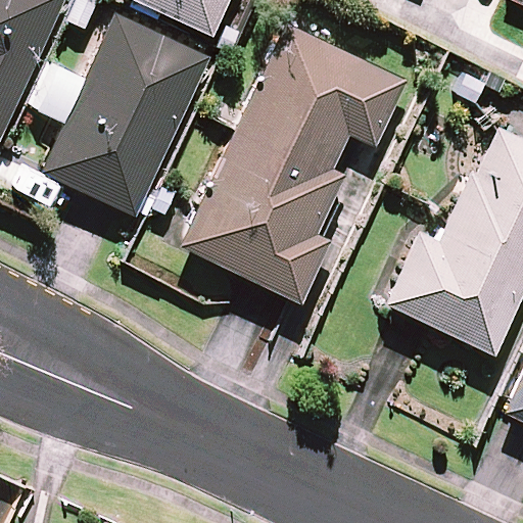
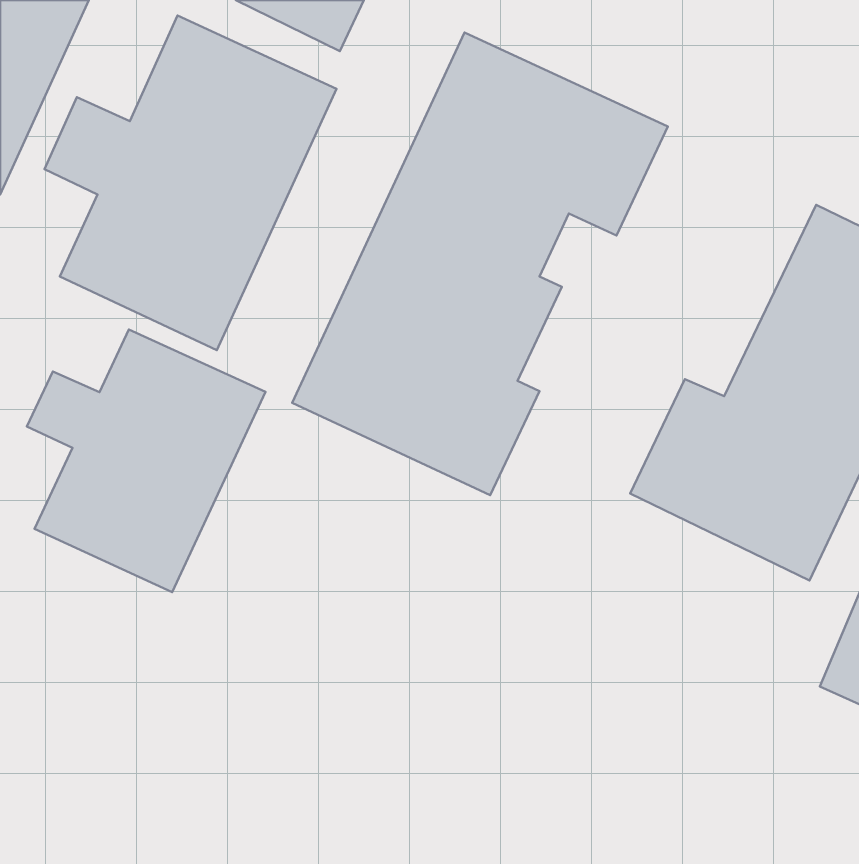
building: none -> [27,329,265,592]

